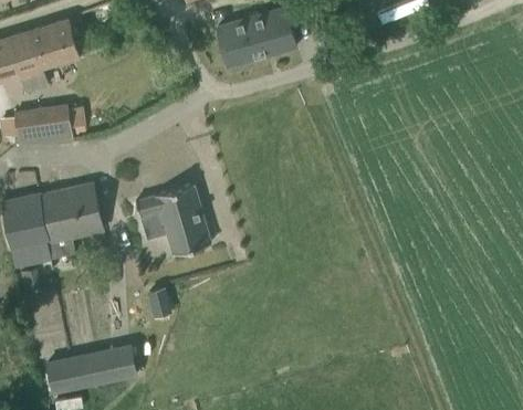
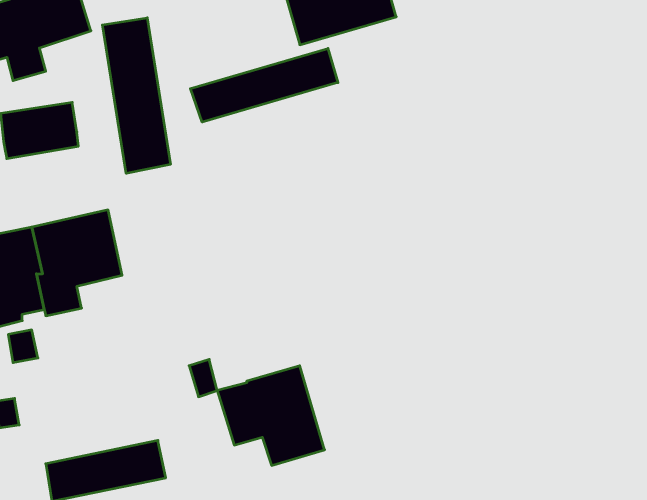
building: none -> [102,18,170,173]
building: none -> [190,48,338,122]
building: [135,183,211,254] -> [217,366,325,465]

